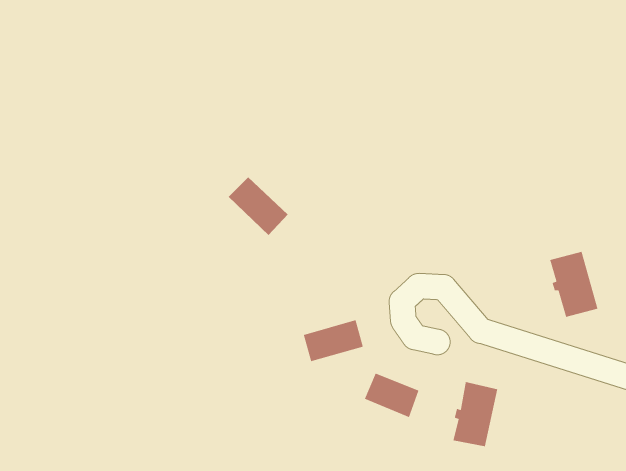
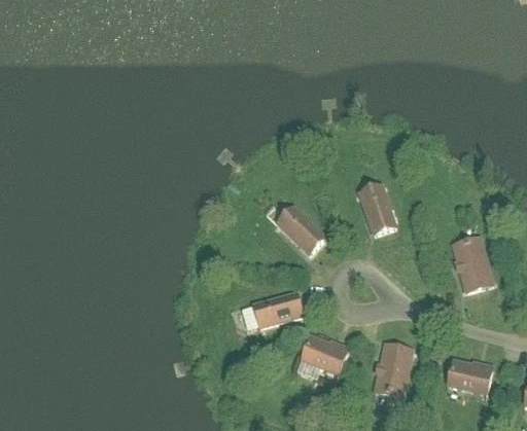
building: [228,176,289,236] -> [276,206,325,254]
building: none -> [358,184,395,235]
building: none -> [448,360,491,392]

